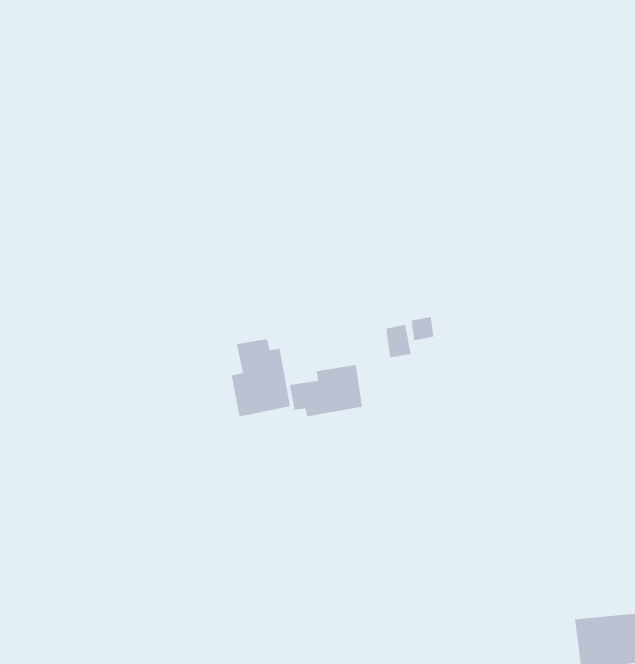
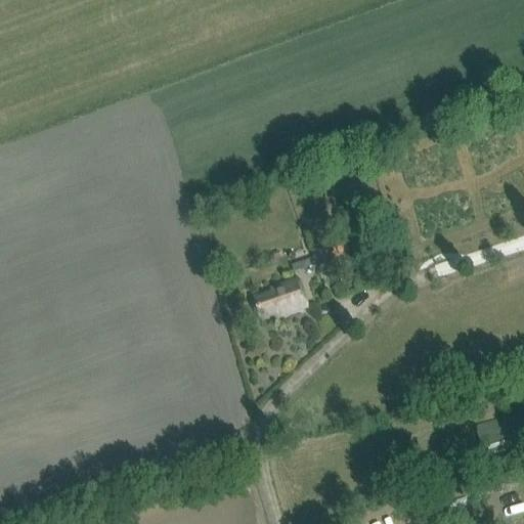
building: [231,338,290,417] -> none

